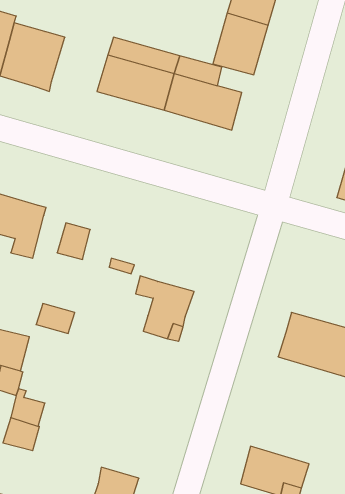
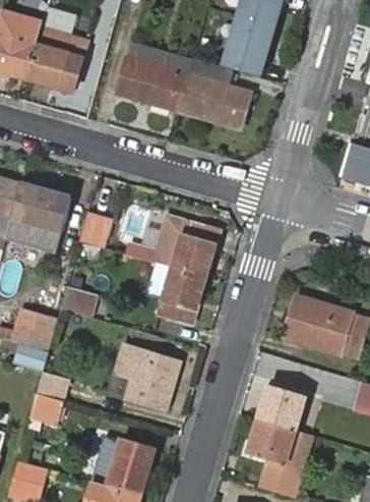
building: none -> [152,215,219,276]
building: none -> [118,345,179,408]
building: none -> [257,384,305,430]

